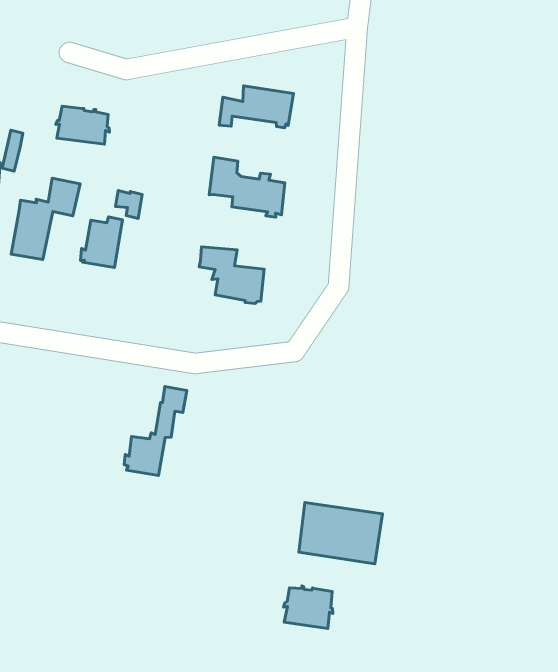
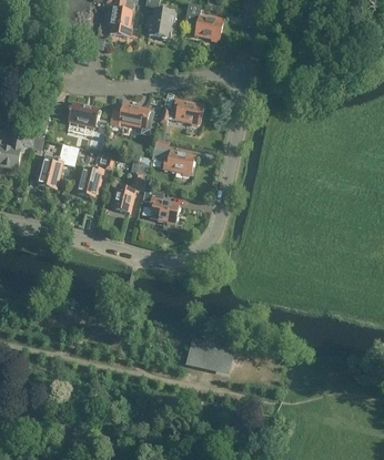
building: none -> [110,106,154,127]
building: [124,386,187,476] -> [111,162,150,212]
building: [283,586,333,629] -> none

